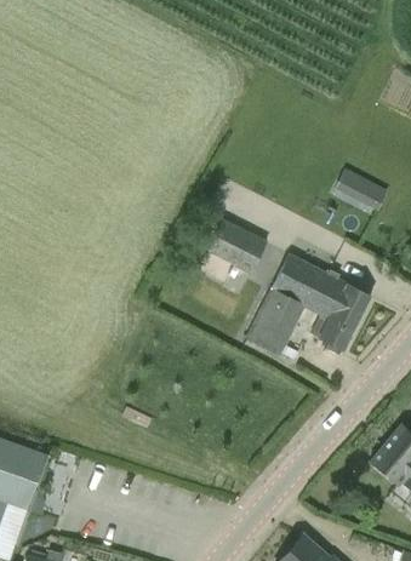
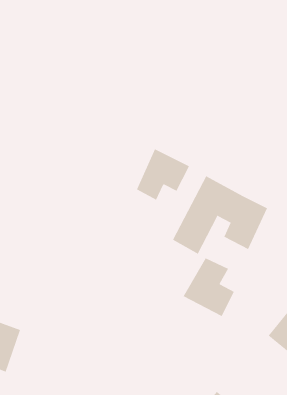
building: [332,168,388,214] -> none
building: none -> [183,257,235,317]

